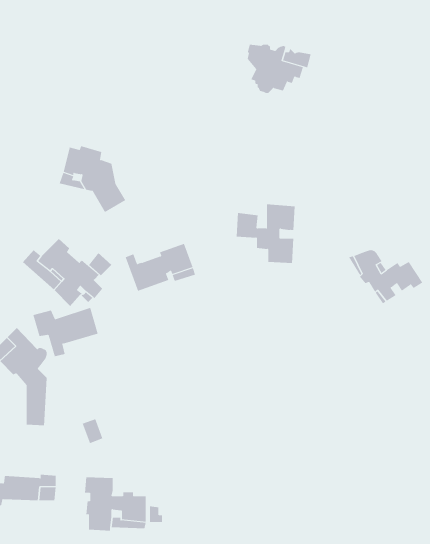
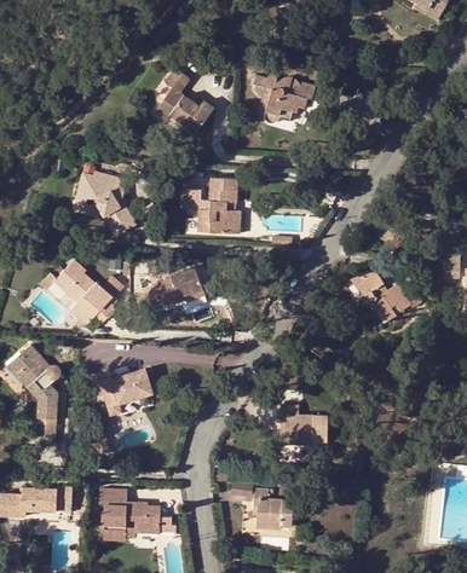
building: none -> [154,66,213,133]
building: [236,204,295,263] -> [179,179,236,236]
building: [33,307,99,357] -> [94,370,157,417]
building: none -> [278,404,327,441]
building: none -> [252,488,292,526]

